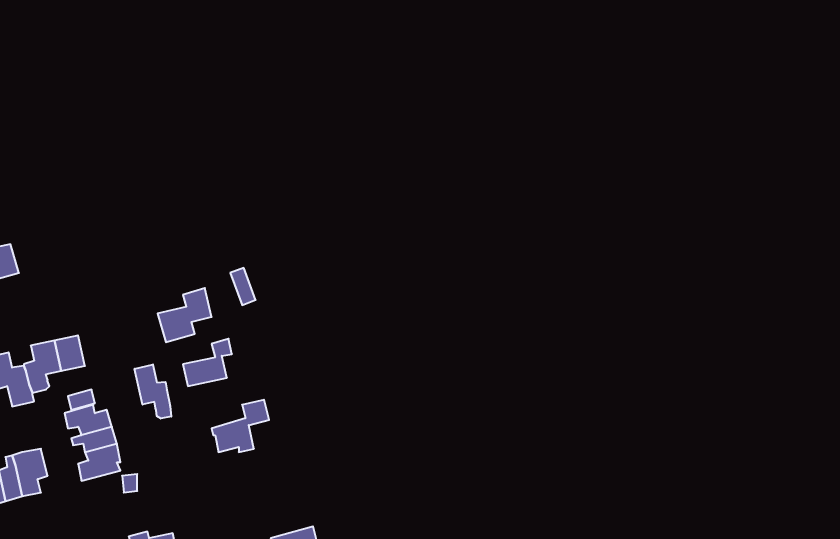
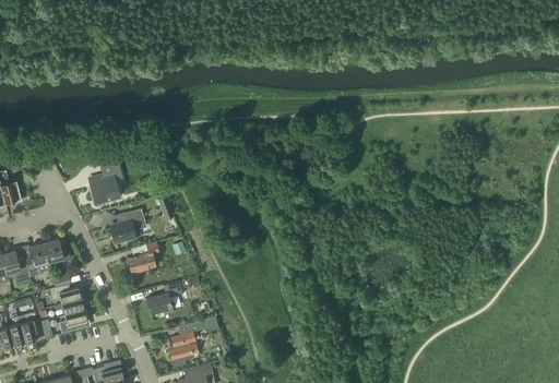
building: none -> [91,164,119,203]
building: [135,364,171,419] -> none
building: none -> [168,319,212,366]

